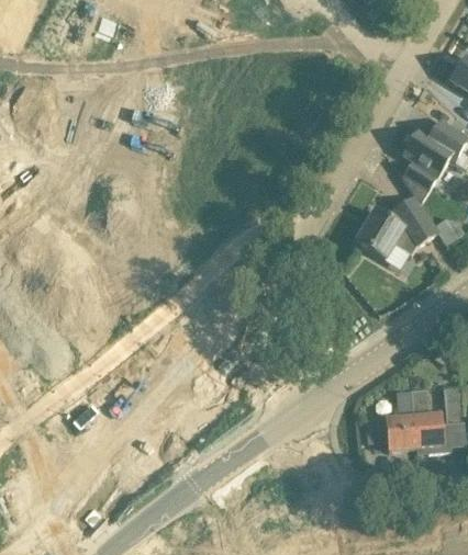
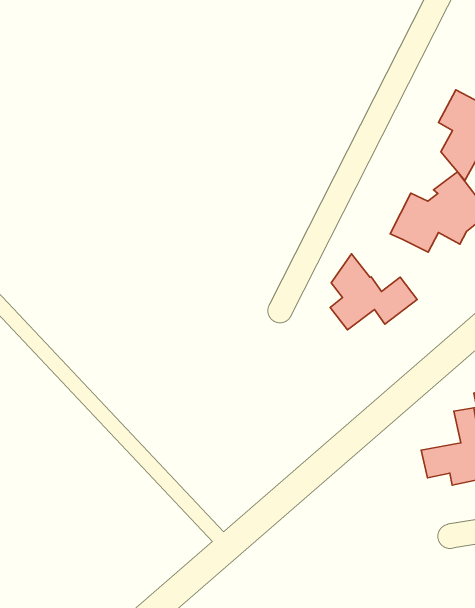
building: none -> [330,254,417,330]

